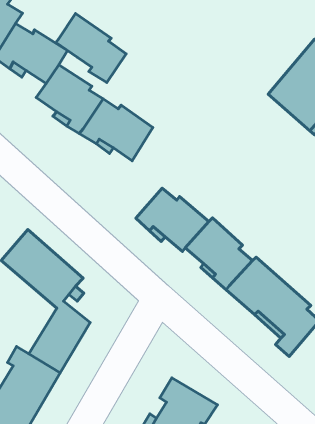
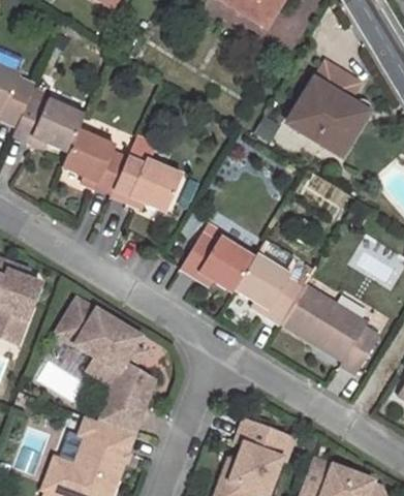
building: [56,13,126,83] -> none

